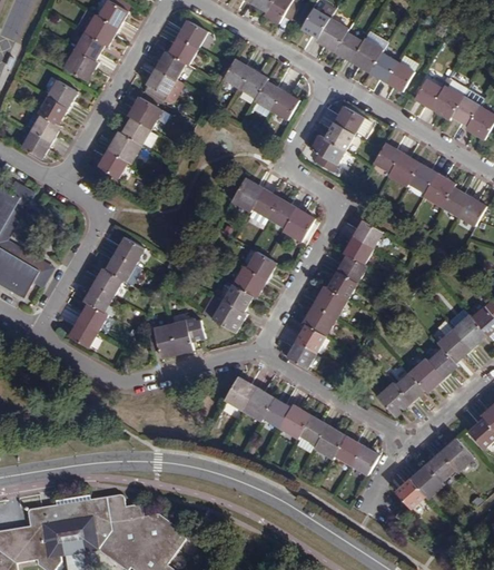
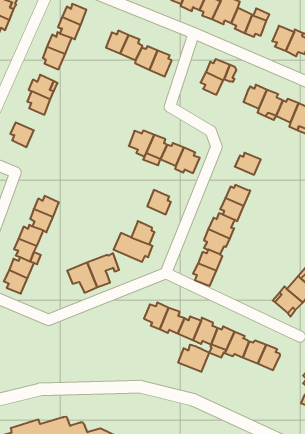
building: [110,131,141,163] -> none
building: [308,134,343,171] -> none
building: [346,235,374,264] -> none
building: [236,265,266,295] -> none
building: none -> [178,345,209,372]

